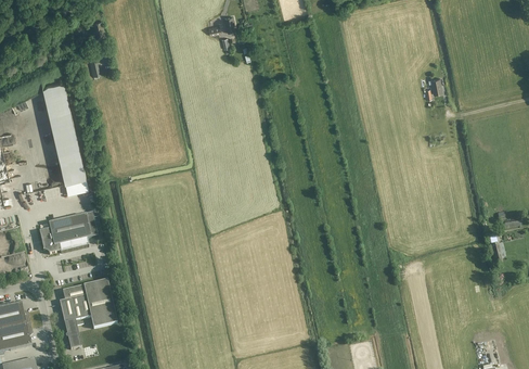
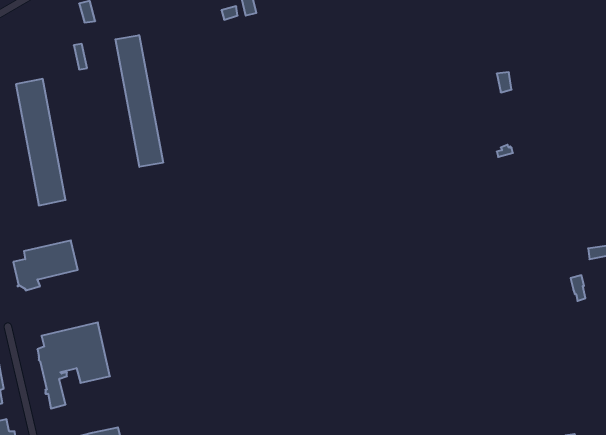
building: none -> [115,35,163,167]

